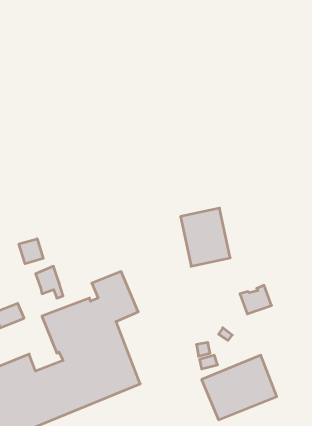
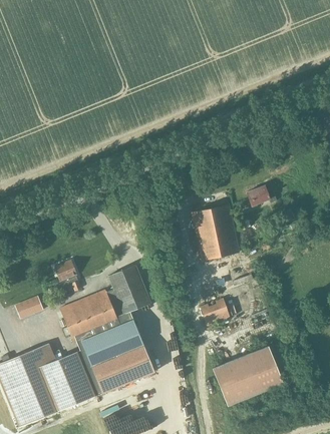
building: none -> [247,186,277,206]
building: [19,239,43,264] -> none
building: [240,285,272,314] -> [200,299,230,326]

